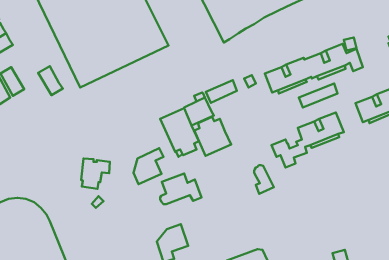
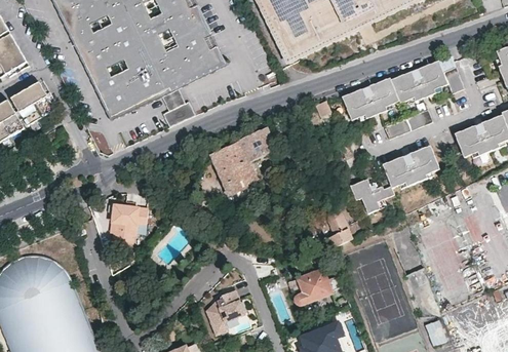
building: [38,66,63,95] -> [26,81,56,117]
building: [206,80,237,103] -> none
building: [194,117,231,156] -> none
building: [133,148,163,184] -> none
building: [160,174,201,204] -> [296,268,347,306]

